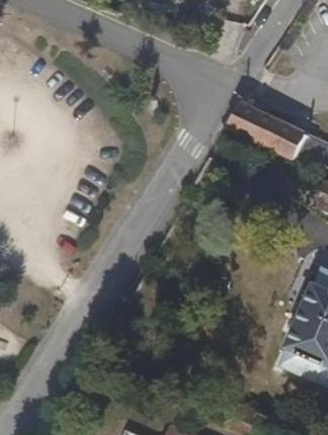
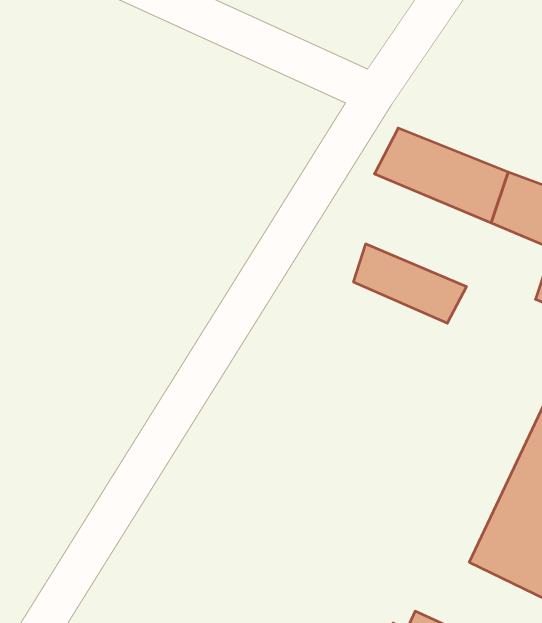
building: none -> [354,244,466,323]

